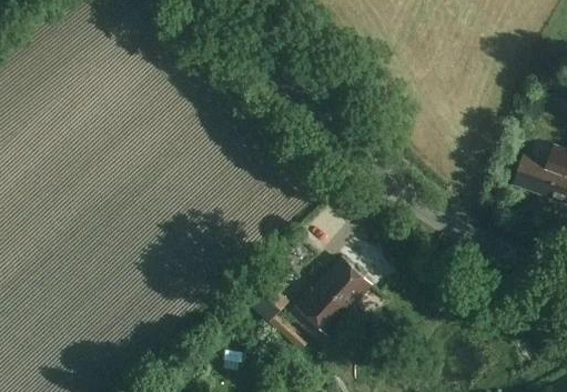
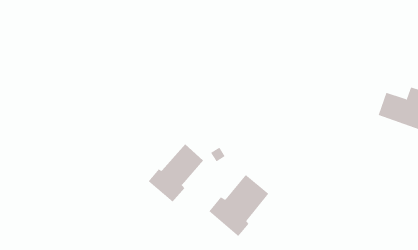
building: none -> [148,144,204,203]

